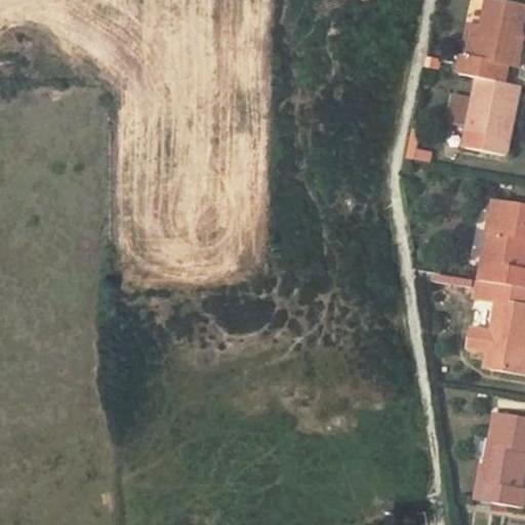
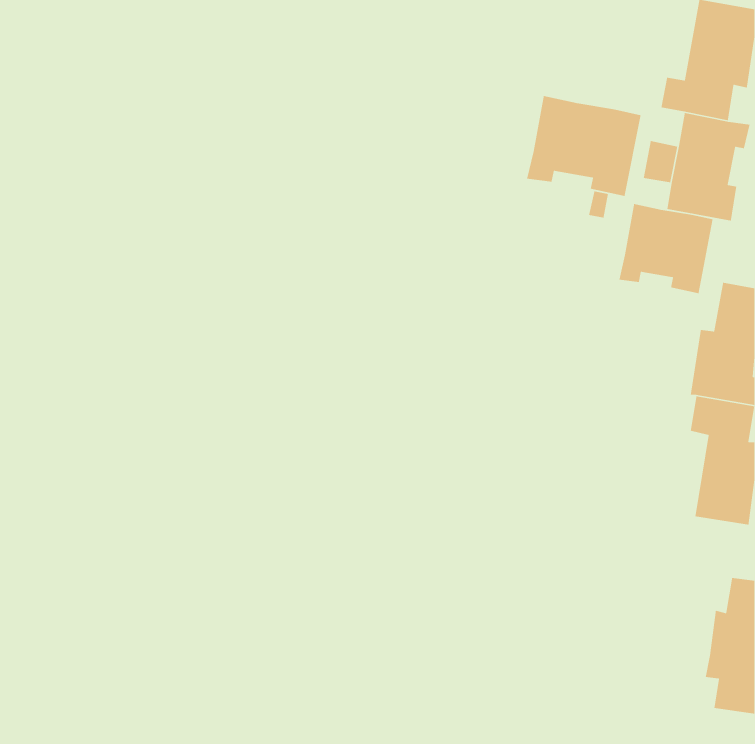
building: none -> [526,95,641,197]
building: none -> [618,203,714,294]

